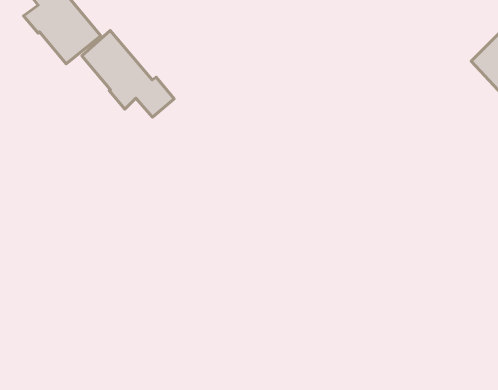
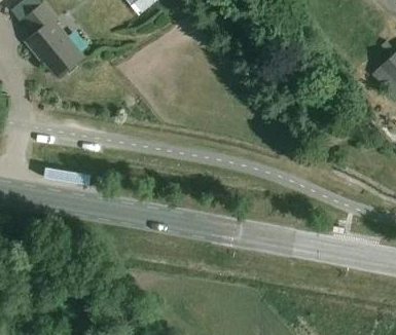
building: [82,30,174,117] -> none

